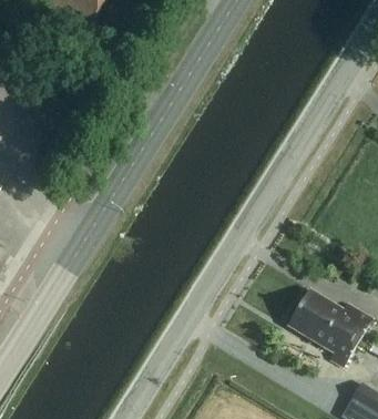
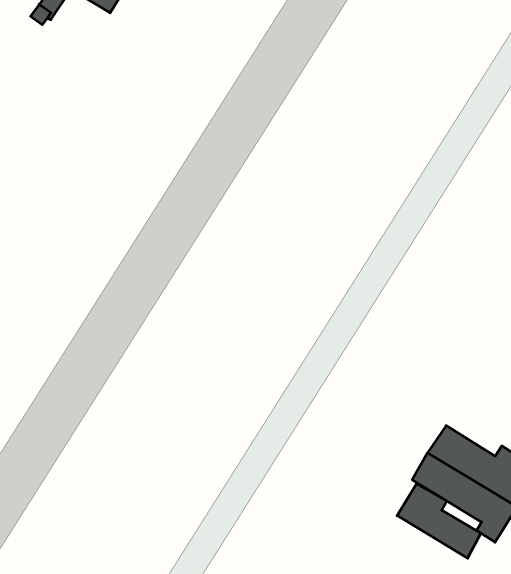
building: none -> [397,484,481,558]

